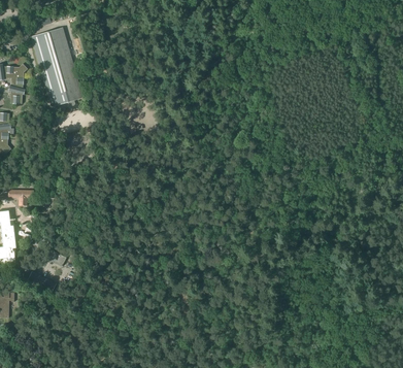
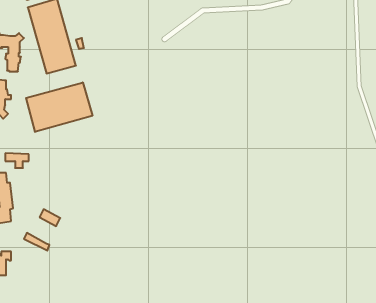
building: none -> [26,82,92,132]

